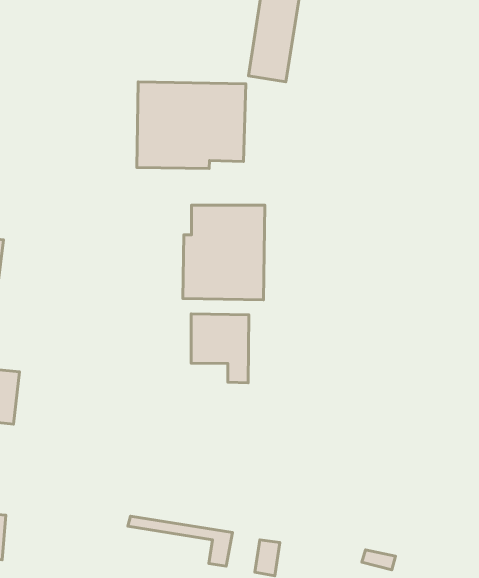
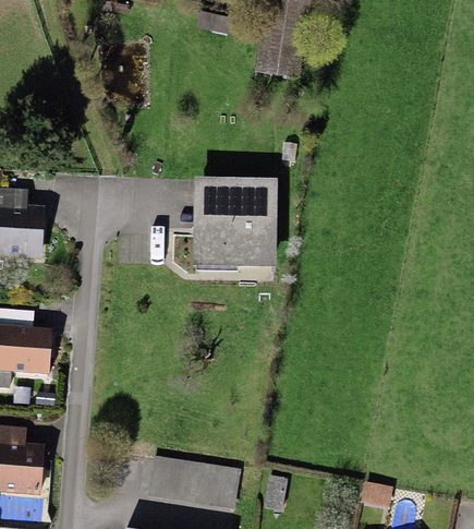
building: [137,82,246,168] -> none
building: [191,314,249,383] -> none

